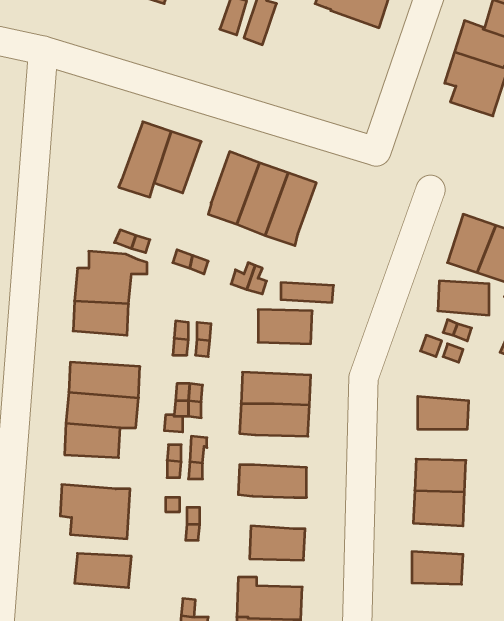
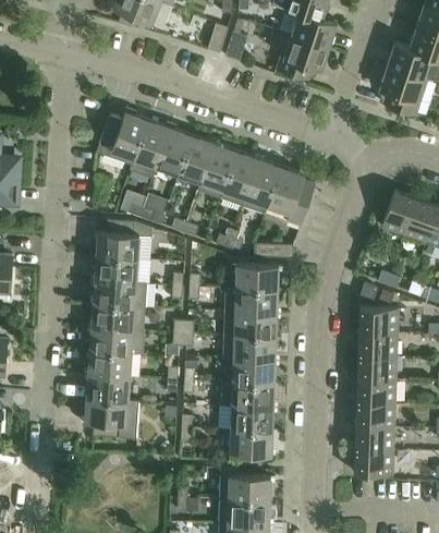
building: none -> [277,33,329,81]
building: none -> [97,111,148,165]
building: none -> [179,135,215,182]
building: none -> [267,167,315,225]
building: [438,281,489,315] -> [358,307,398,334]
building: none -> [93,280,148,307]
building: none -> [224,288,277,314]
building: none -> [357,355,397,379]
building: none -> [233,360,275,385]
building: none -> [231,407,273,432]
building: none -> [354,427,393,451]
building: [75,553,131,588] -> [86,375,130,401]

